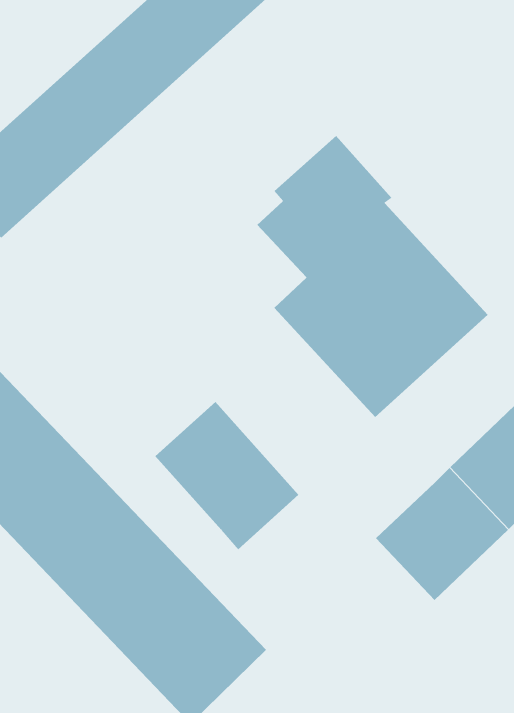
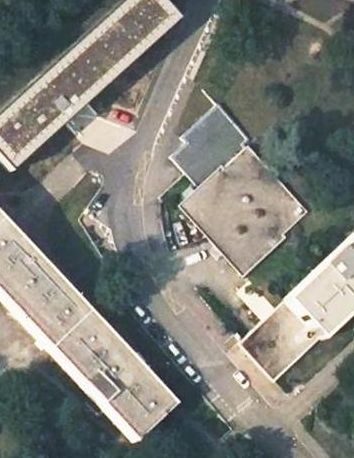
building: [154,401,299,550] -> none

